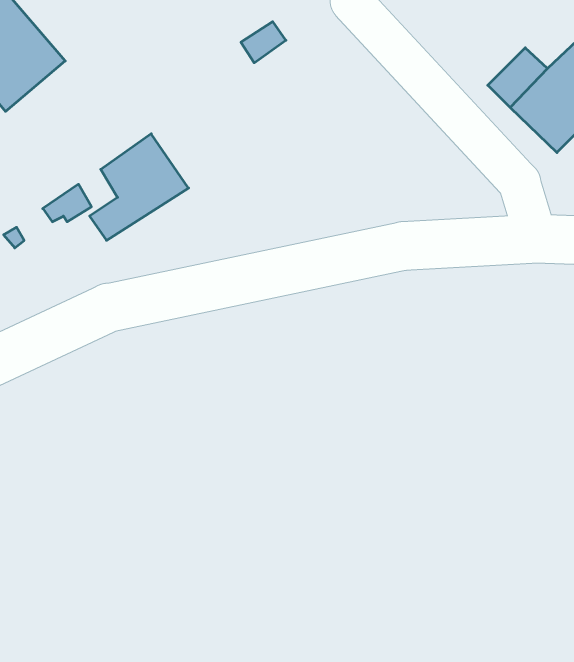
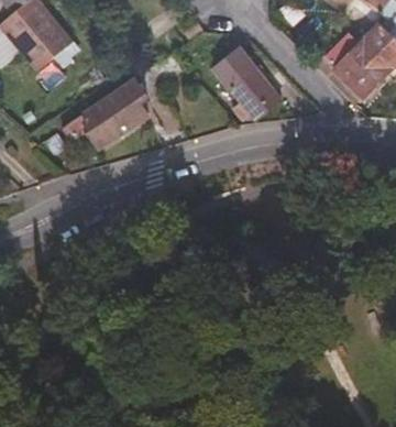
building: none -> [213,47,279,119]

